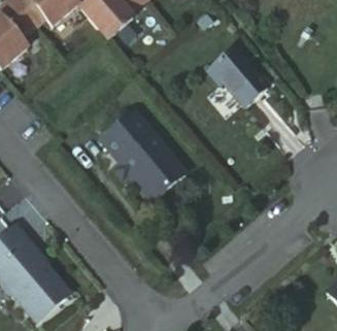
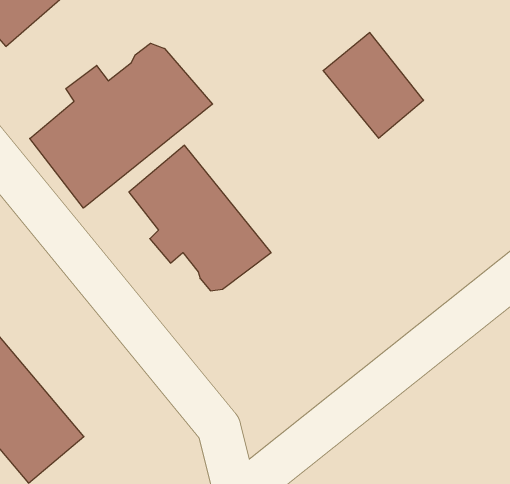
building: none -> [30,43,213,208]

